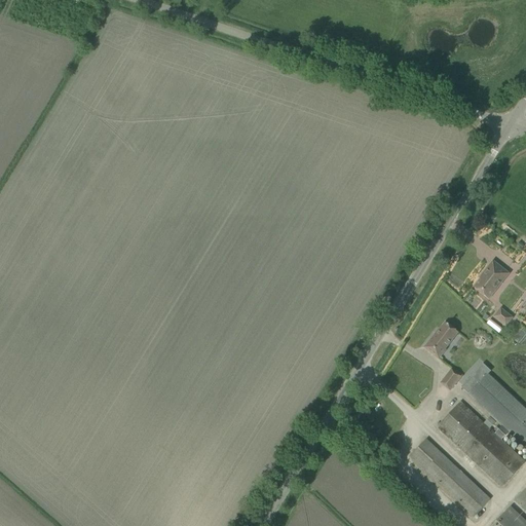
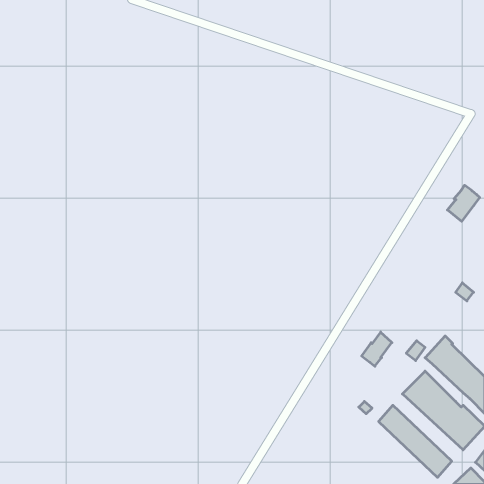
building: [475,260,510,299] -> [447,185,480,221]
building: [425,322,458,359] -> [362,332,392,366]

